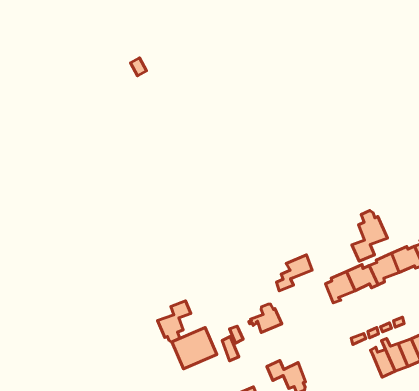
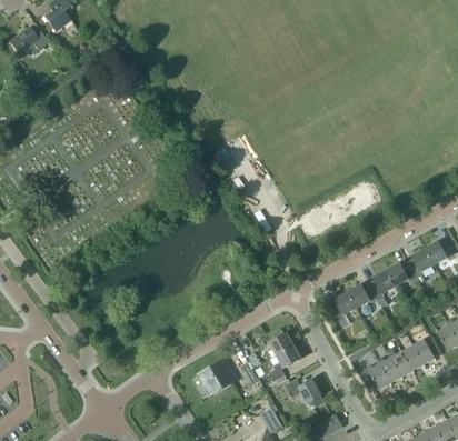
building: [352,210,388,261] -> none
building: [277,255,312,291] -> [270,345,301,381]
building: [157,301,191,342] -> none
building: none -> [360,363,391,392]

